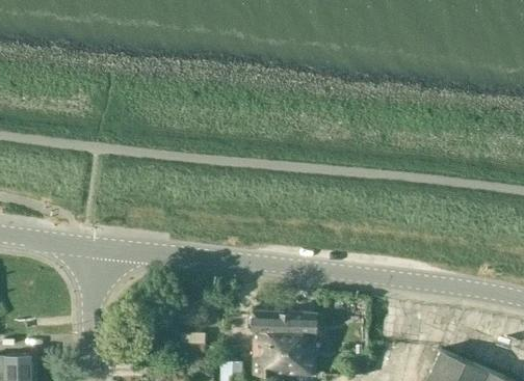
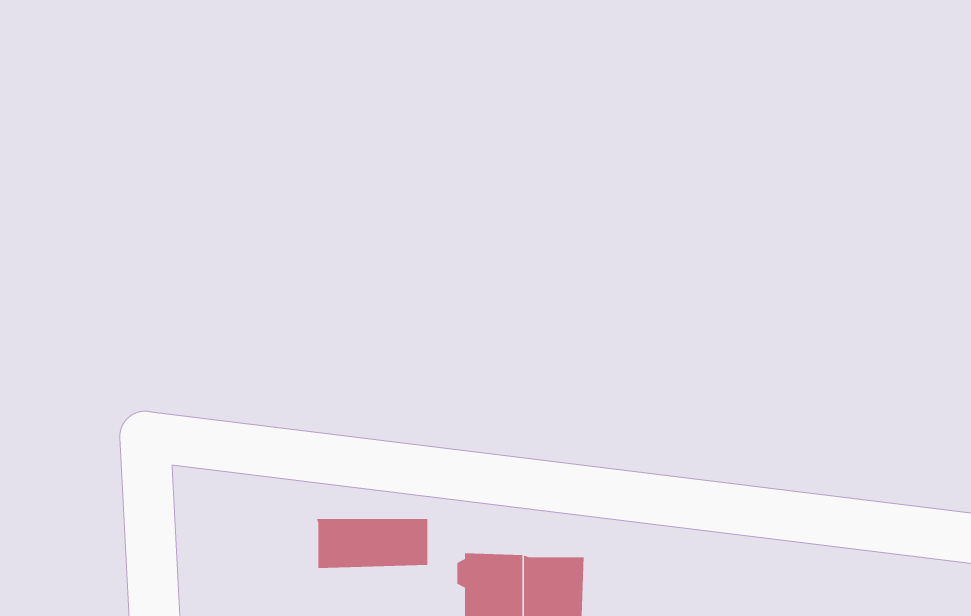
building: none -> [316,518,428,569]

